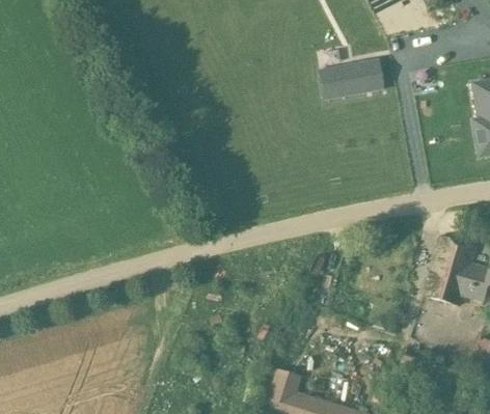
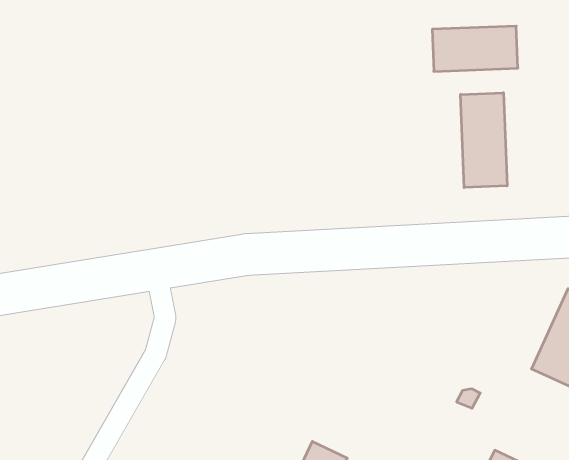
building: none -> [461,93,507,188]

